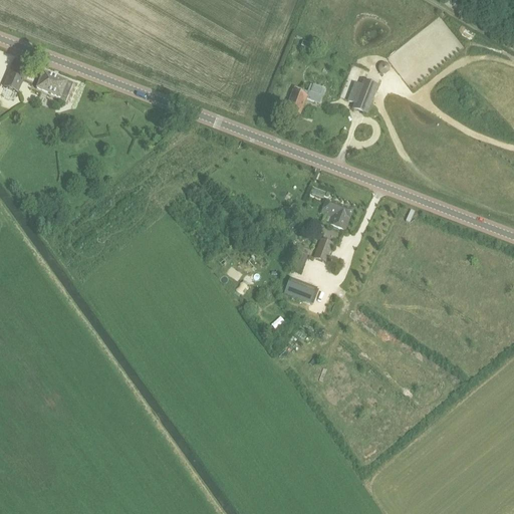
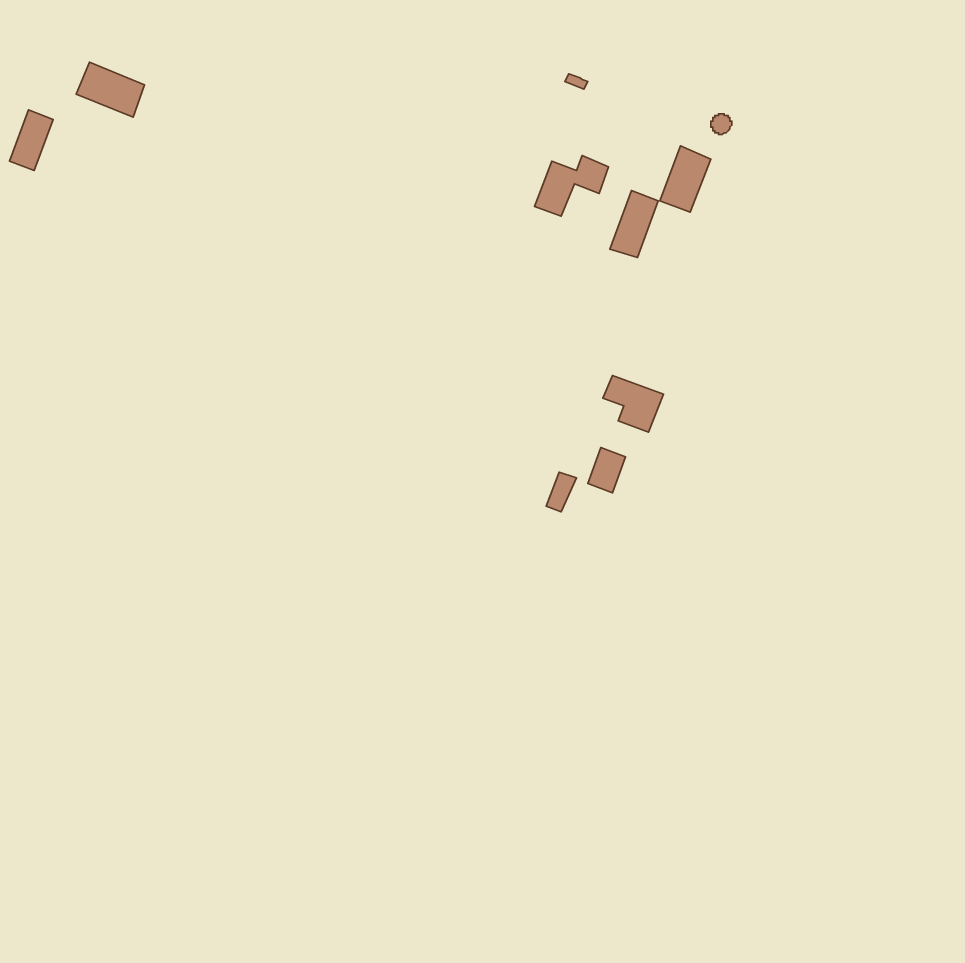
building: [34,69,70,98] -> [76,62,145,117]
building: none -> [610,191,658,258]
building: [282,275,315,302] -> none

